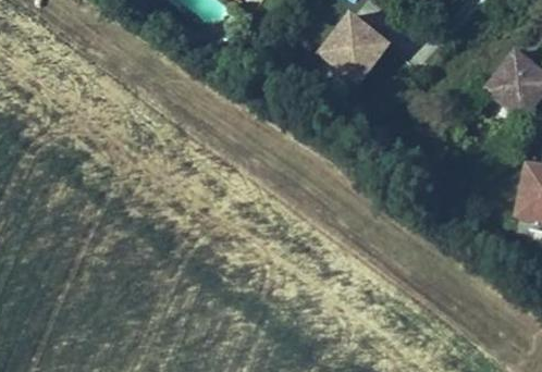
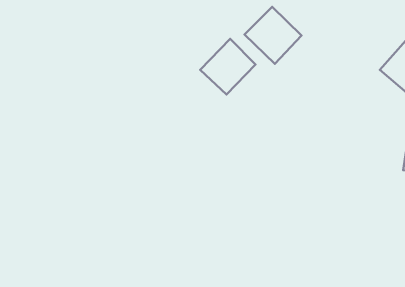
building: none -> [200,39,256,95]

